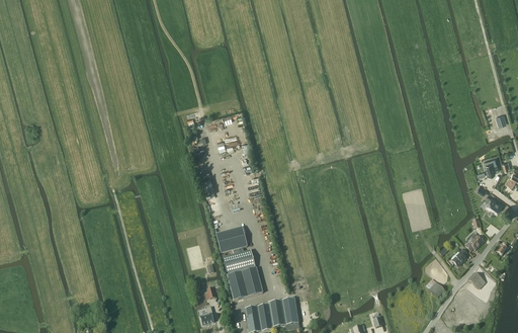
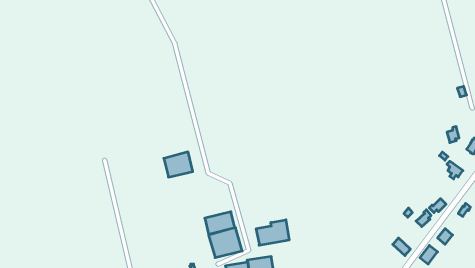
building: [215,226,247,253] -> [164,152,193,177]
building: none -> [256,220,289,245]

